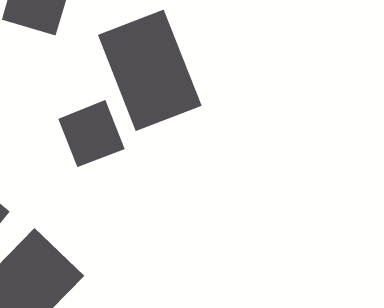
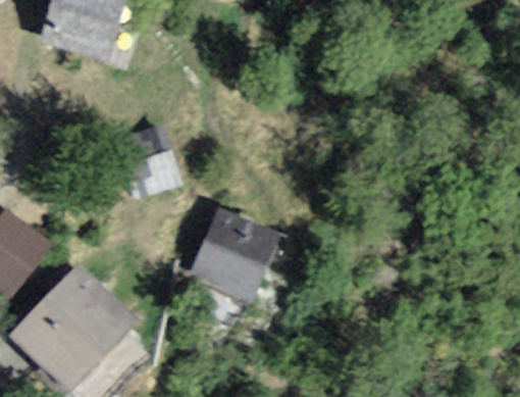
building: [97,8,203,132] -> none
building: none -> [183,203,288,309]

